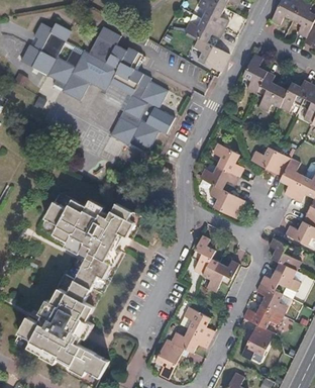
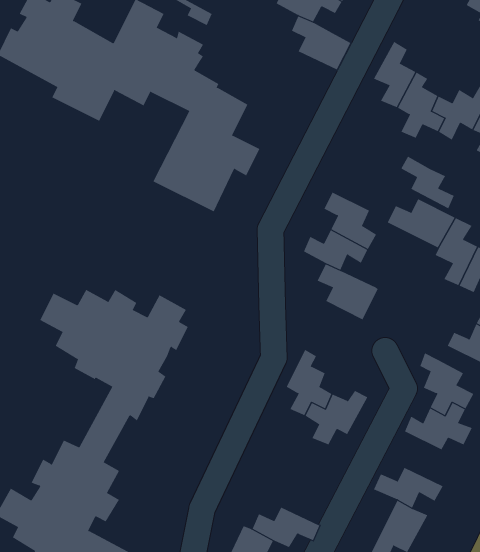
building: none -> [401,156,455,209]
building: [255,283,287,315] -> none
building: [182,306,214,338] -> none

